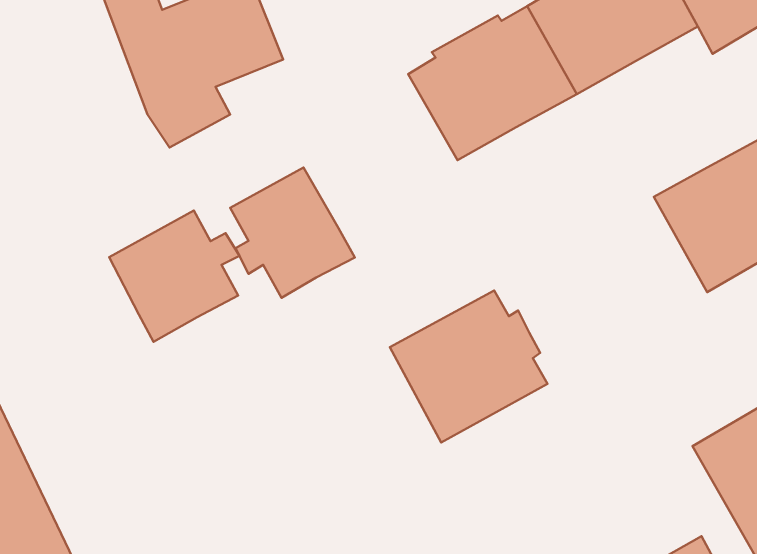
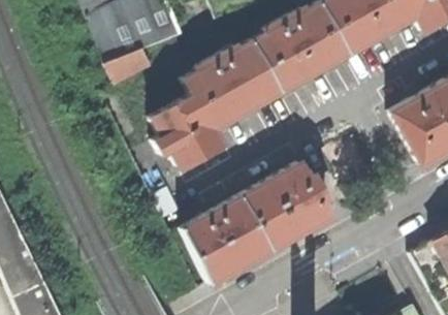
building: none -> [184,43,279,130]
building: [109,210,239,342] -> none
building: none -> [182,197,269,283]

